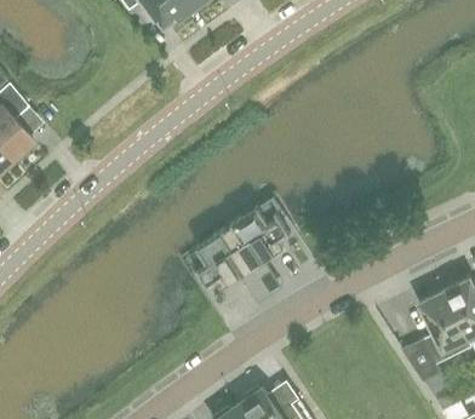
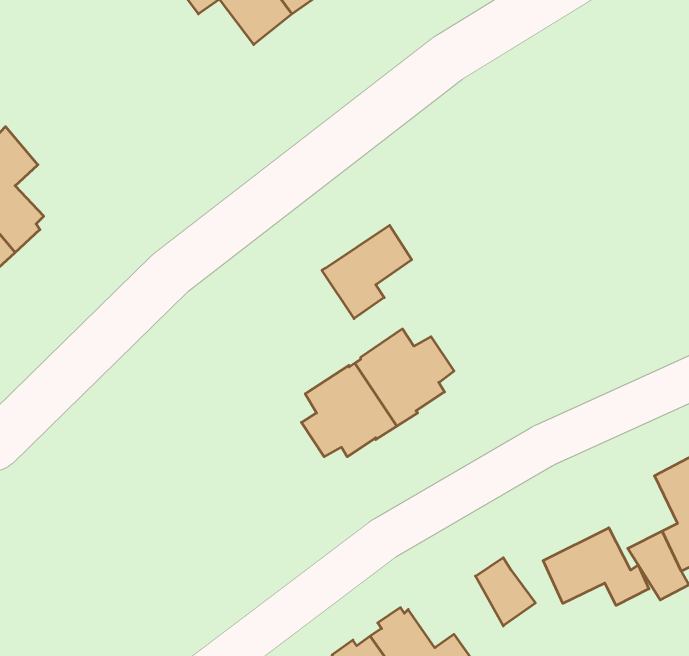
building: none -> [322,225,412,319]
building: none -> [543,528,649,605]
building: none -> [475,558,535,626]

